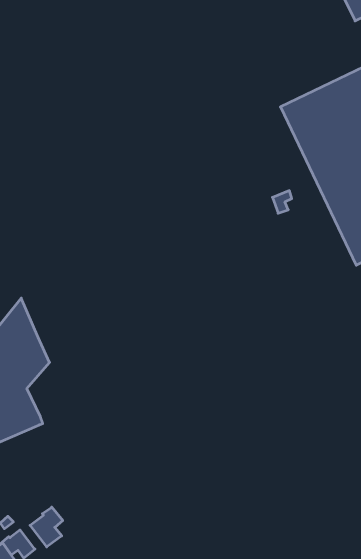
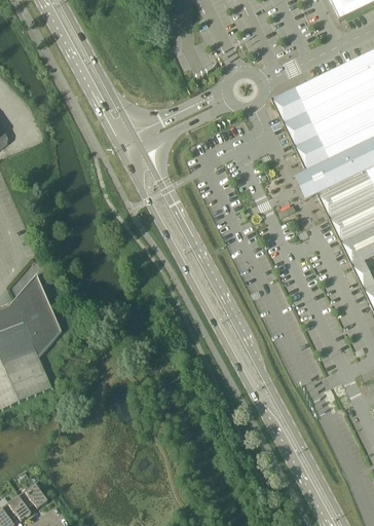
building: [30,507,63,547] -> none

